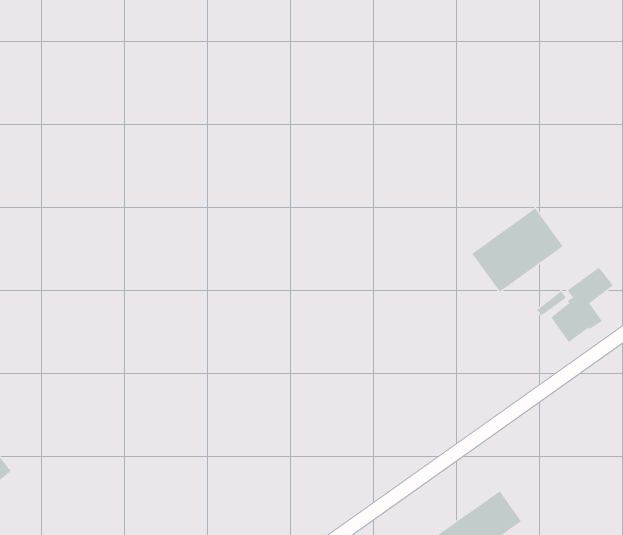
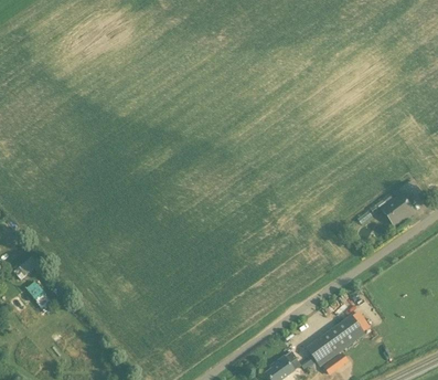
building: [472,207,563,292] -> none

